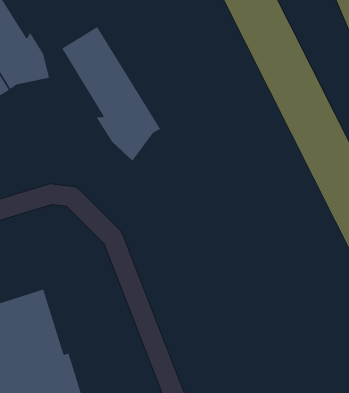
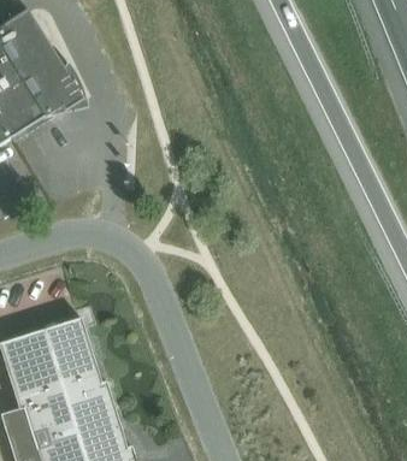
building: [61,26,161,161] -> none

